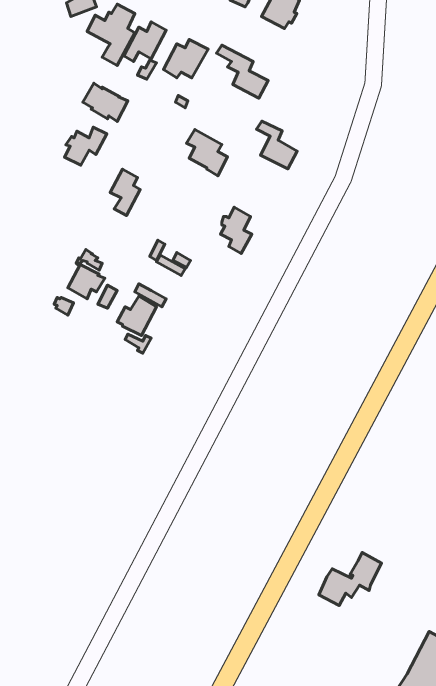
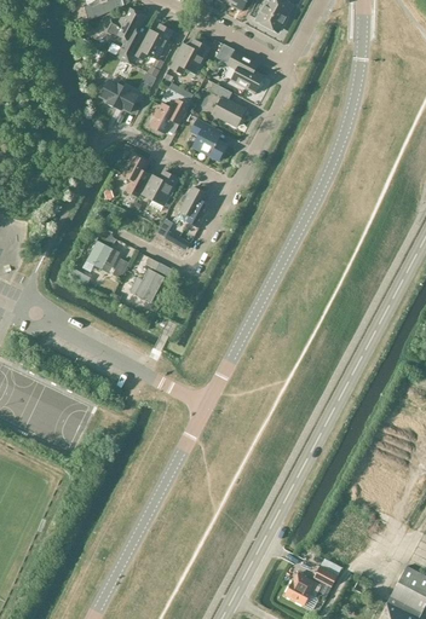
building: [256,121,297,169] -> [208,83,244,126]
building: [65,127,107,165] -> [150,99,188,133]
building: none -> [142,170,177,210]
building: [221,207,252,253] -> [179,186,207,227]
building: [319,552,381,606] -> [284,557,340,604]

